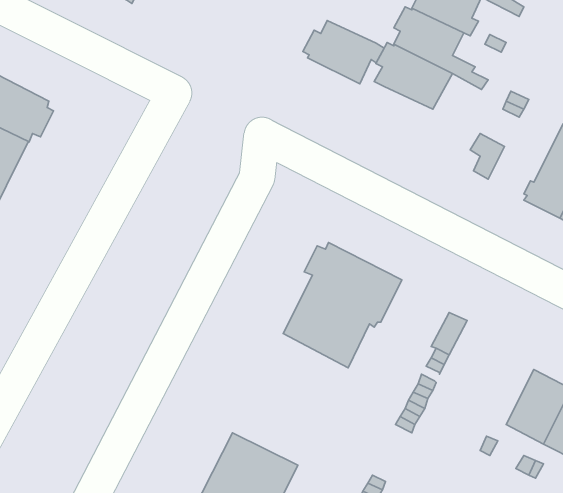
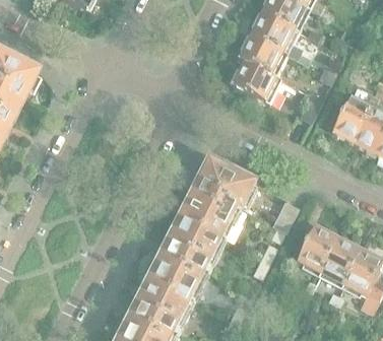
building: [303,21,384,84] -> [230,61,280,100]
building: none -> [150,215,222,297]
building: none -> [298,225,338,272]

